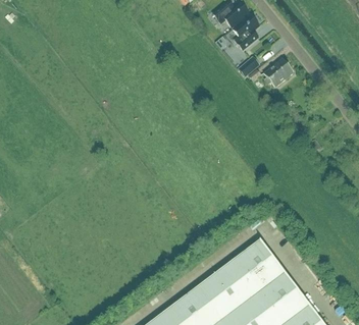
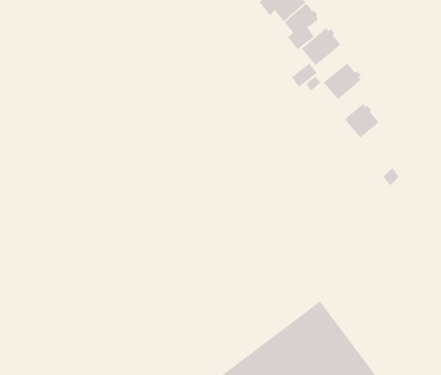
building: none -> [301,27,341,66]
building: none -> [344,103,380,139]

